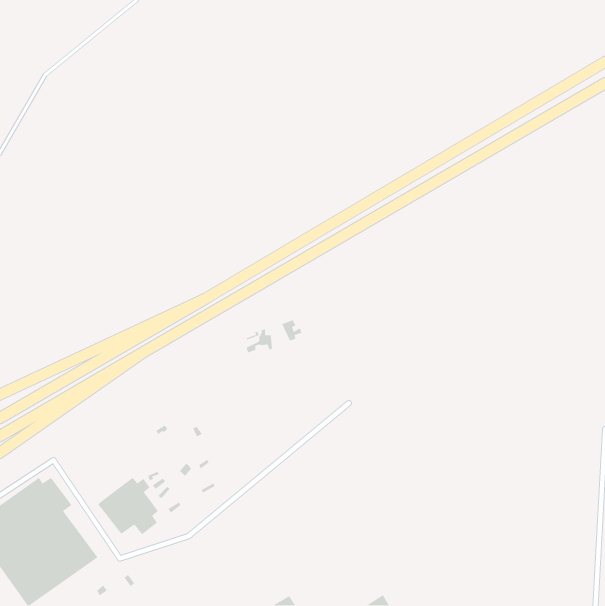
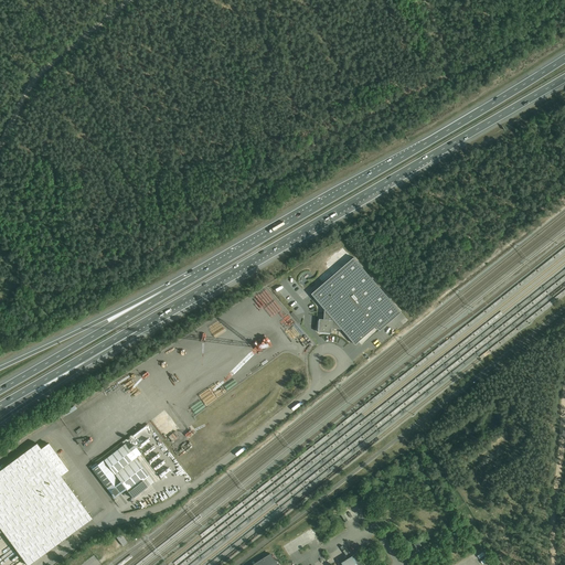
building: none -> [310,257,401,344]

